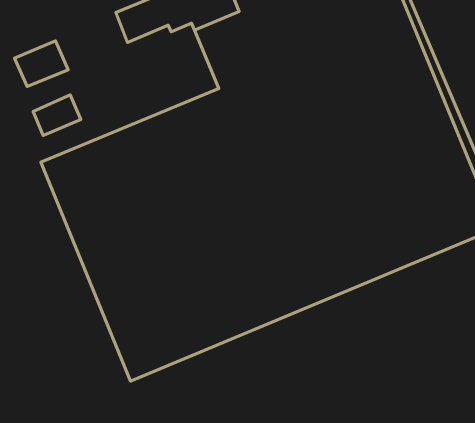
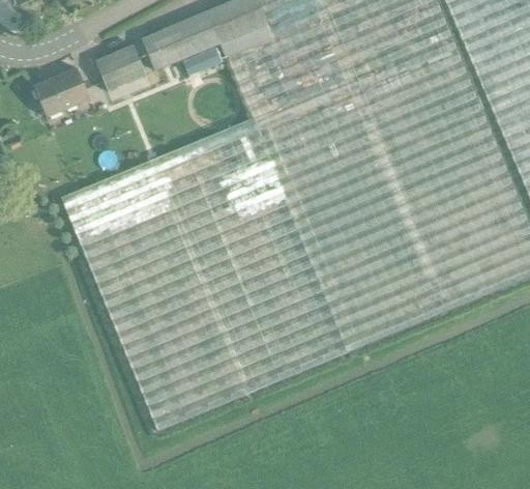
building: none -> [95,44,146,91]
building: [33,95,81,136] -> none

